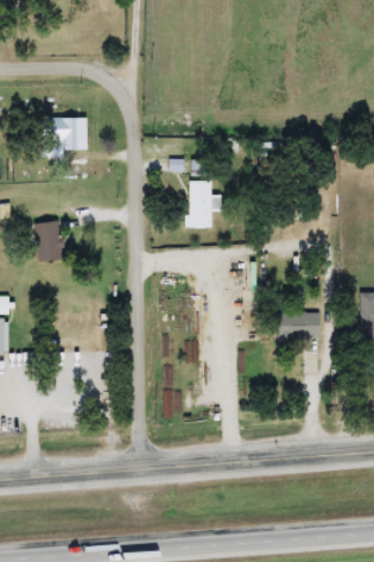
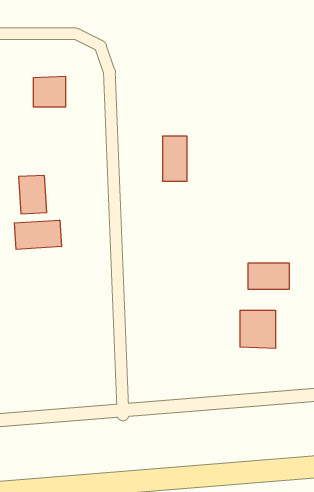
building: none -> [14,220,61,249]
building: none -> [240,310,275,348]

